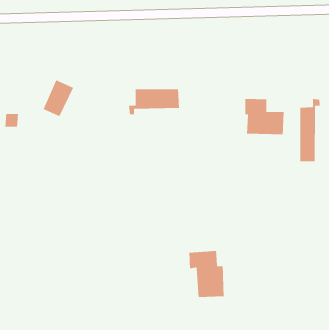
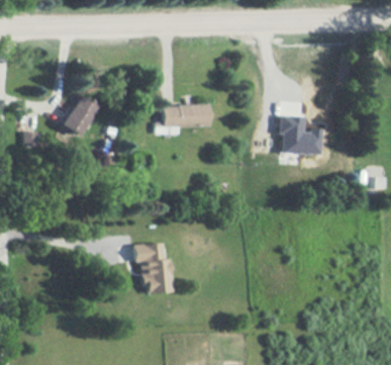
building: [299,98,320,162] -> none
building: [188,250,225,298] -> [133,243,172,293]

